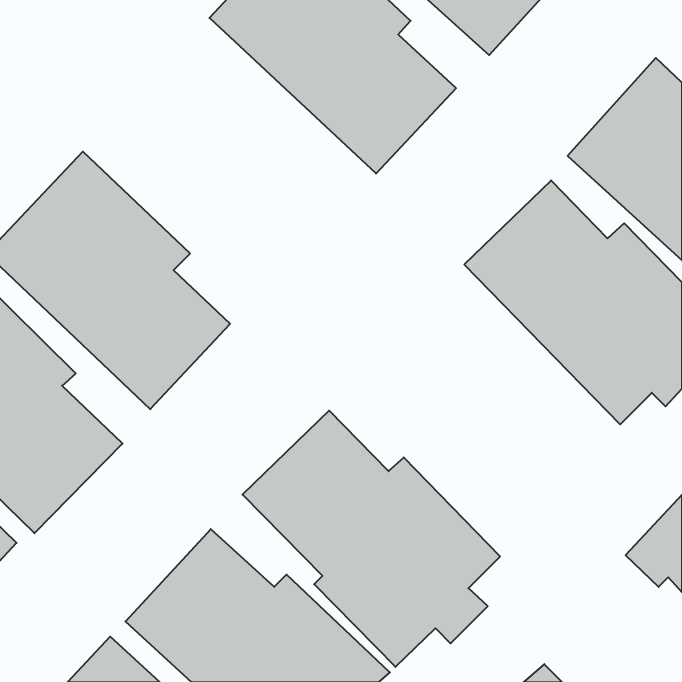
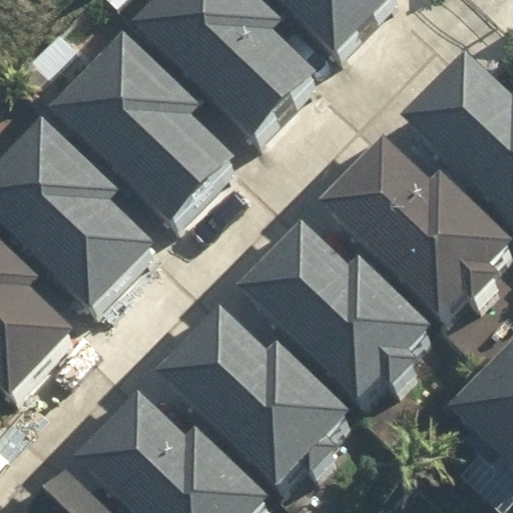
building: none -> [69,26,248,212]
building: none -> [258,215,445,397]

